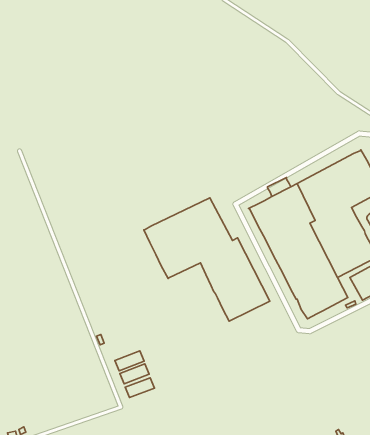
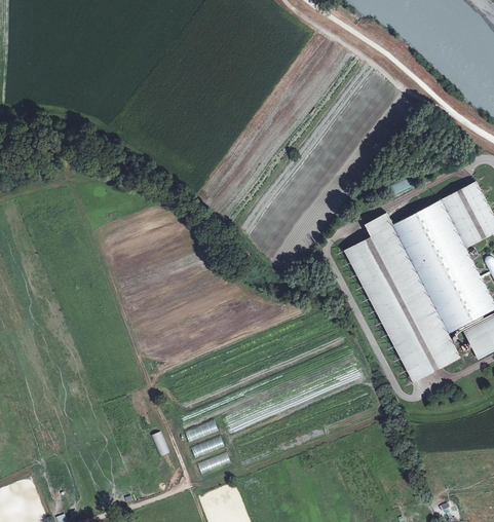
building: [144,198,270,321] -> none

